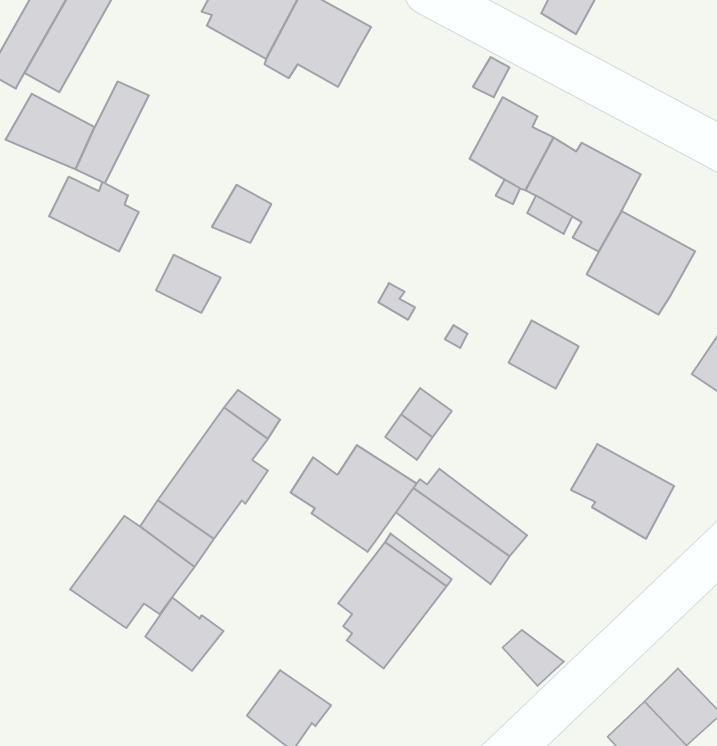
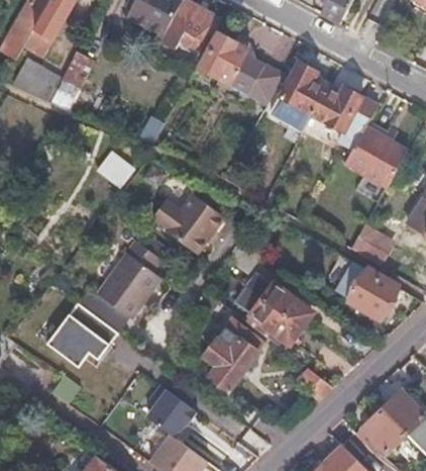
building: none -> [196,32,286,107]
building: [49,177,139,252] -> none
building: [509,320,579,389] -> [352,225,393,265]
building: [290,445,416,552] -> [153,190,226,252]
building: [145,598,224,671] -> none

